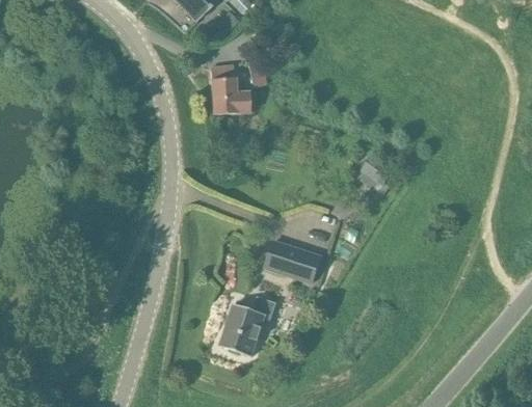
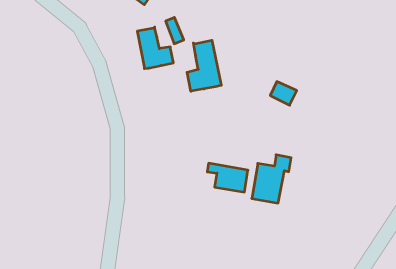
building: none -> [187,40,221,91]
building: [219,297,274,356] -> [252,155,291,203]

